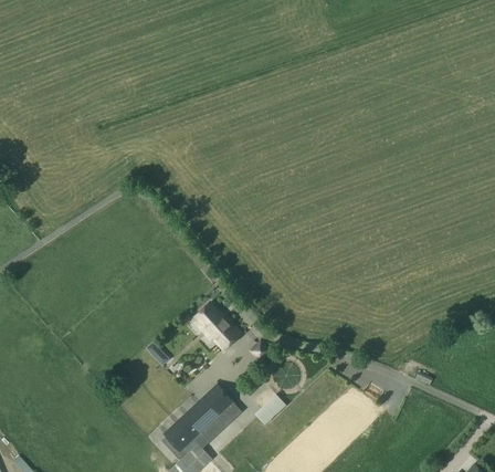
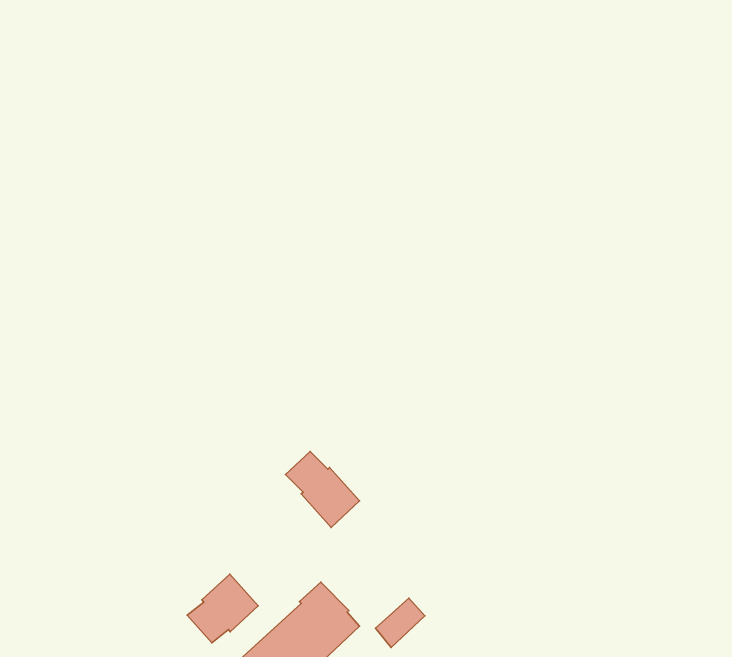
building: none -> [187,574,258,643]

